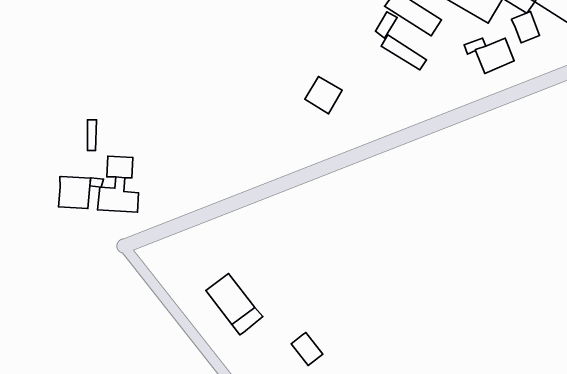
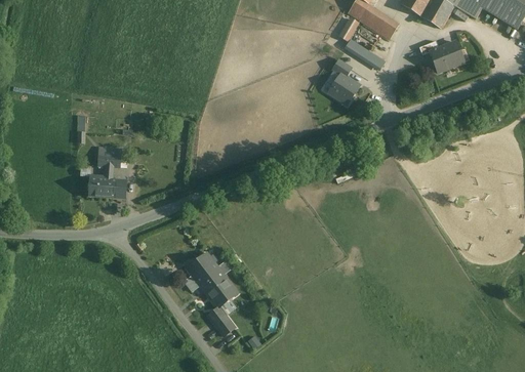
building: [512,12,539,43] -> none
building: [305,76,342,114] -> [327,72,361,106]
building: [59,177,90,209] -> none
building: [291,333,323,366] -> [207,306,236,336]

